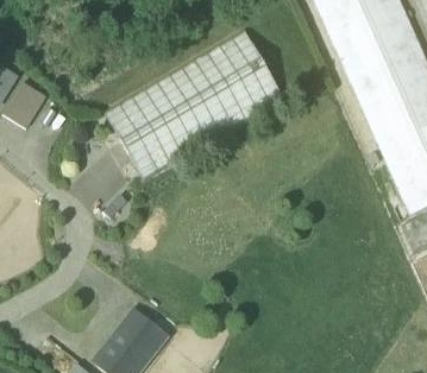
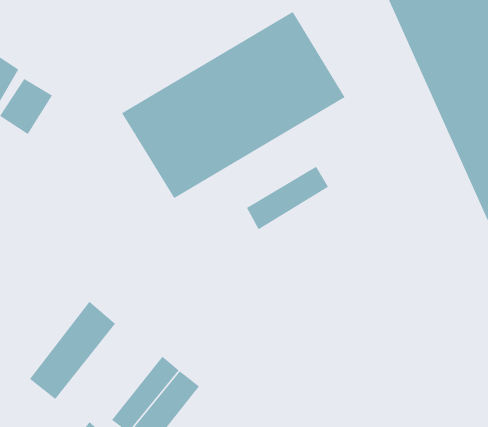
building: none -> [246,166,329,230]
building: none -> [29,301,116,400]

